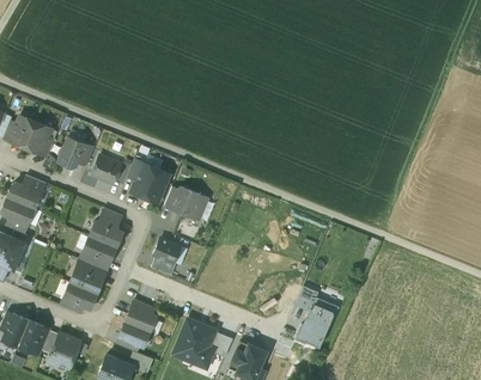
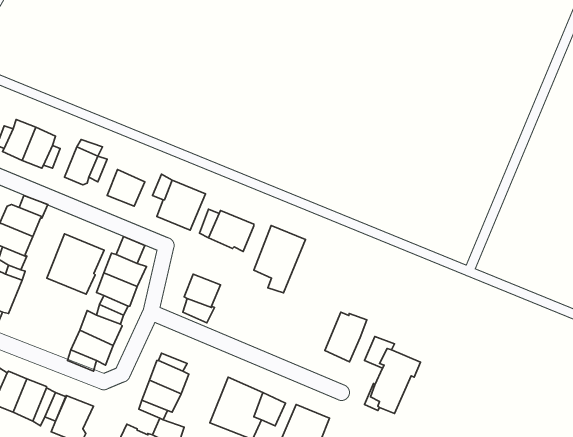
building: none -> [254,226,305,293]
building: none -> [47,234,104,294]
building: none -> [325,312,367,362]

